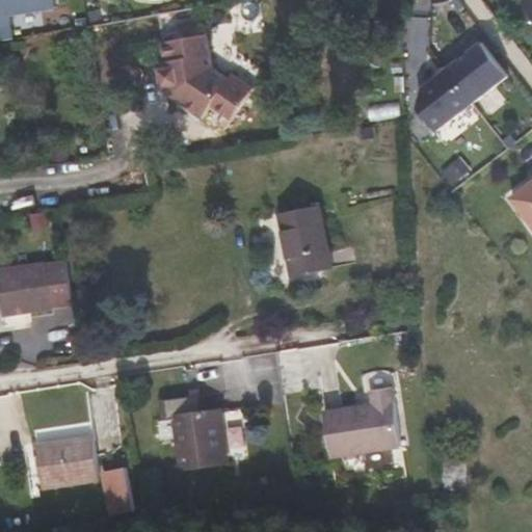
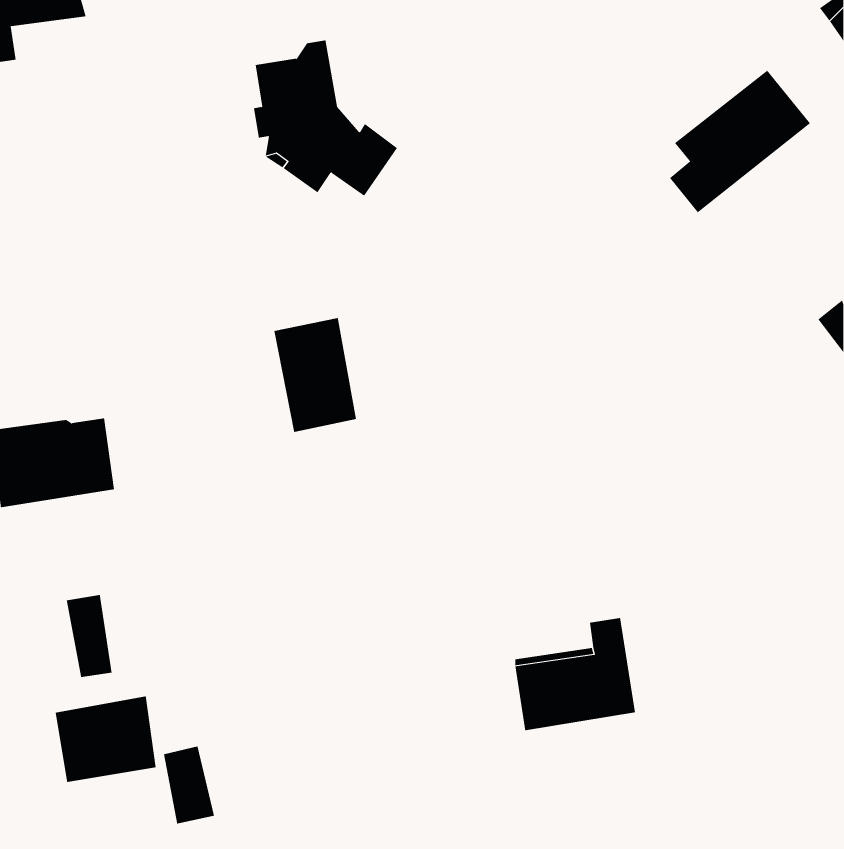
building: [277,205,329,276] -> [274,317,357,432]
building: none -> [66,594,112,678]
building: [163,395,225,469] -> none

